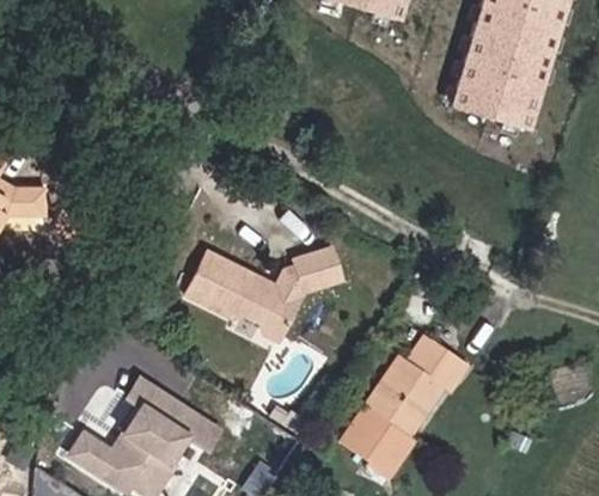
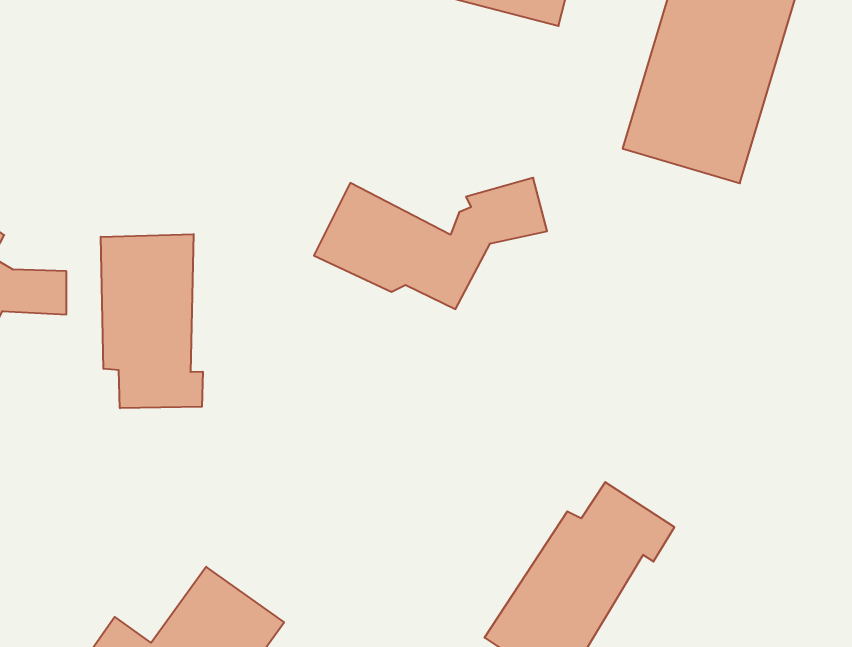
building: none -> [101,234,203,408]
building: [183,245,344,336] -> [314,178,547,309]

